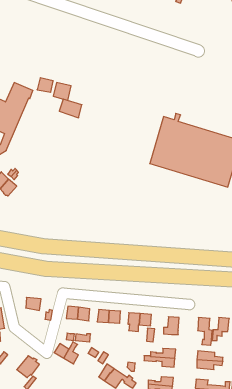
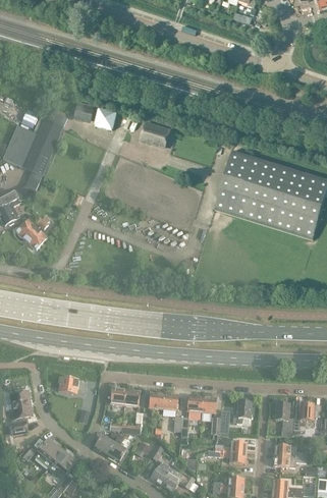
building: [59,99,82,118] -> [140,123,168,147]
building: none -> [34,438,61,467]

